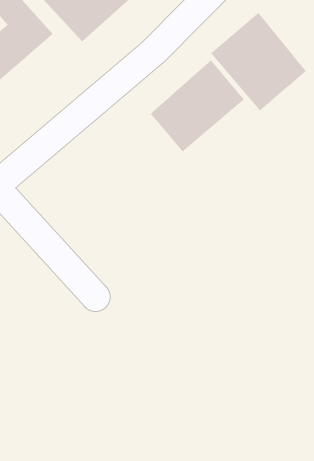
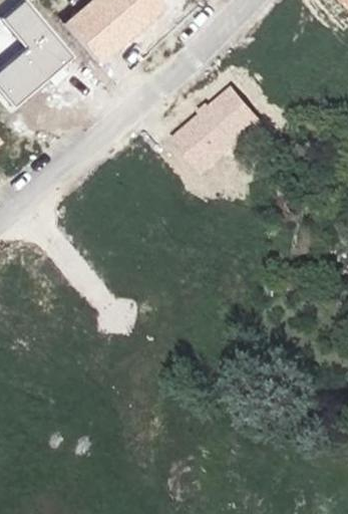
building: [210,12,307,112] -> none

